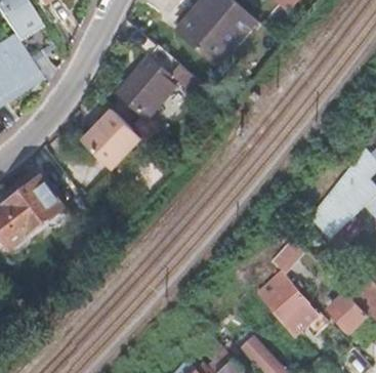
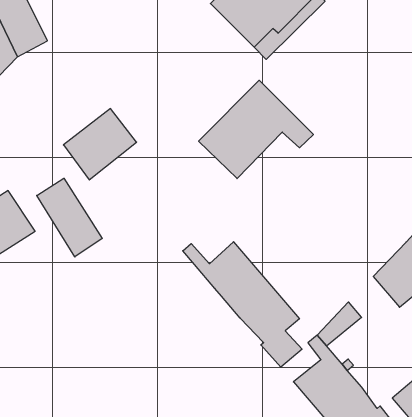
building: [120,47,202,119] -> [199,80,313,179]
building: none -> [37,178,102,257]
building: none -> [183,242,302,367]

